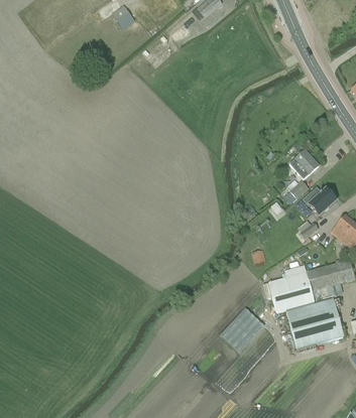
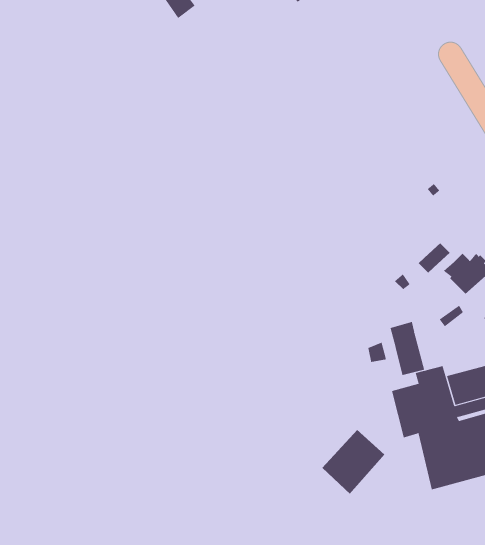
building: [289,149,319,178] -> none
building: none -> [390,321,425,376]

